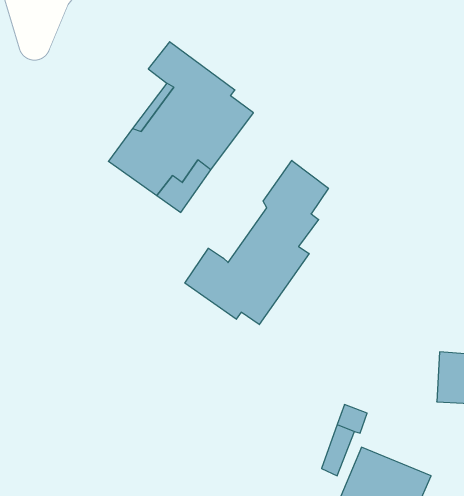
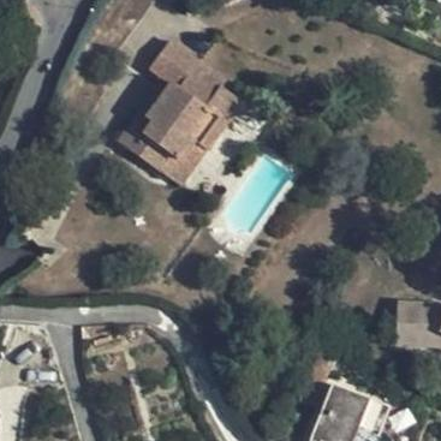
building: [185,160,328,325] -> none

